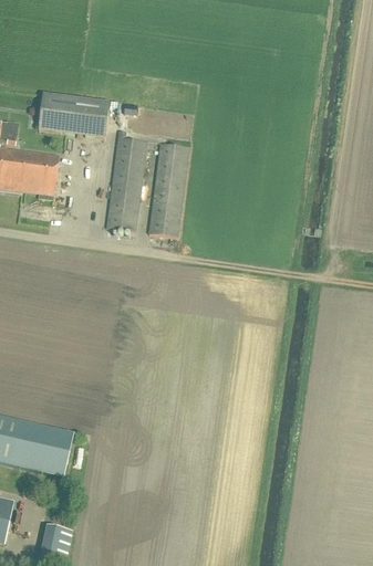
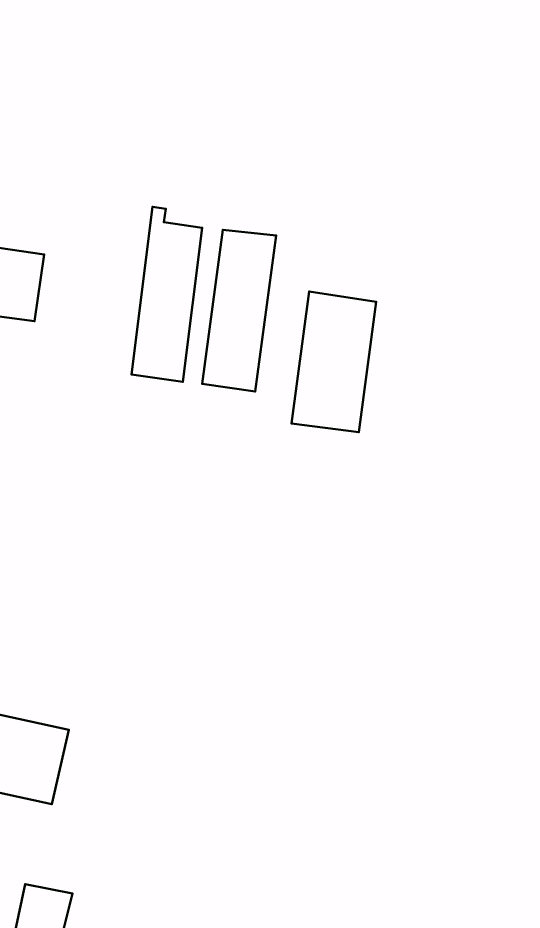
building: [38,94,110,138] -> none
building: none -> [292,292,376,432]

